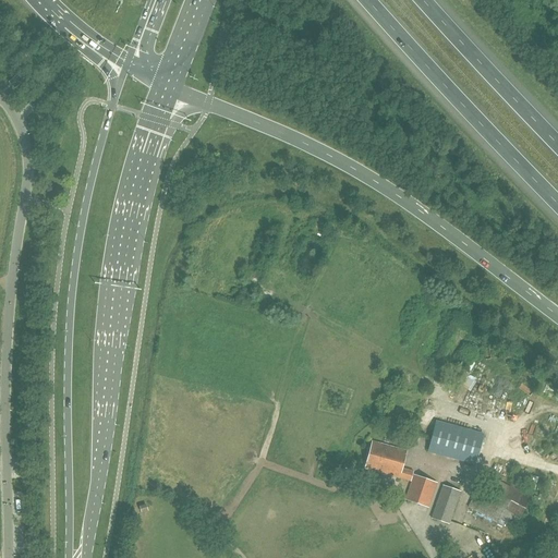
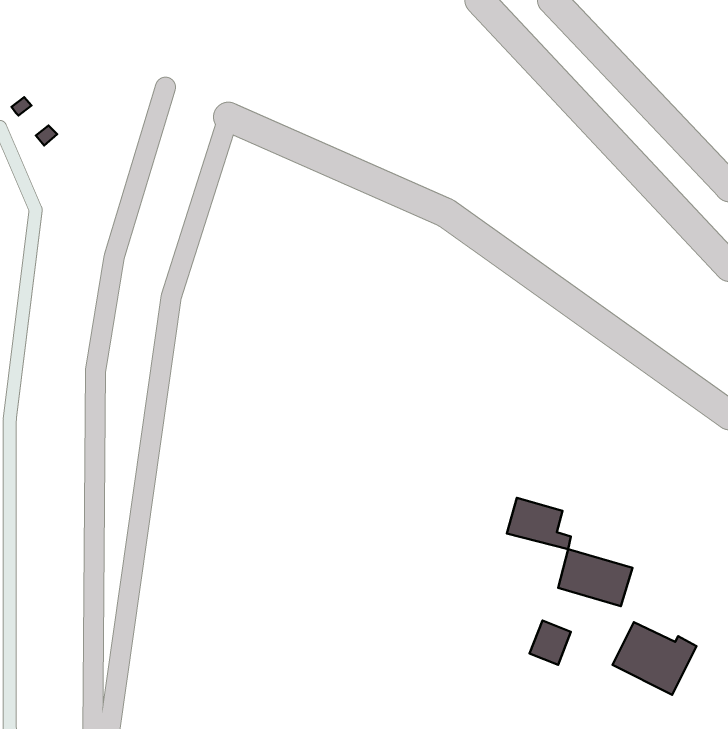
building: [365,441,414,481] -> [507,498,571,549]
building: [430,484,461,524] -> none

